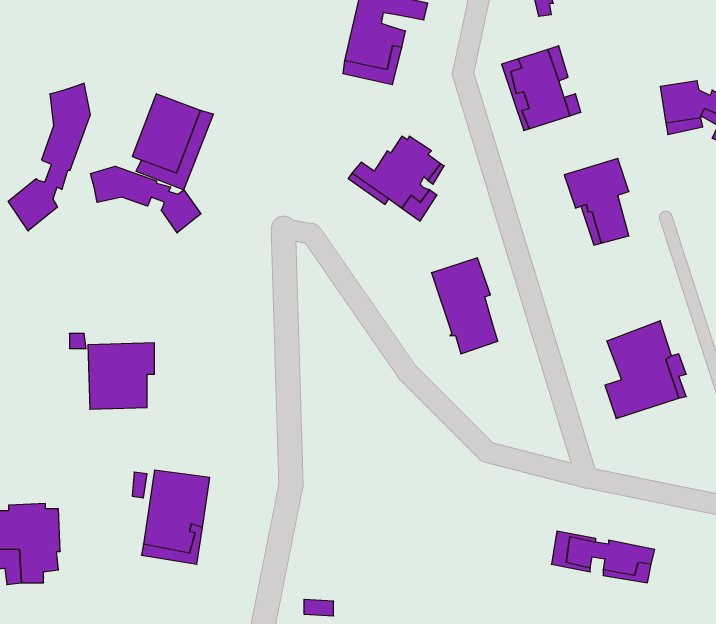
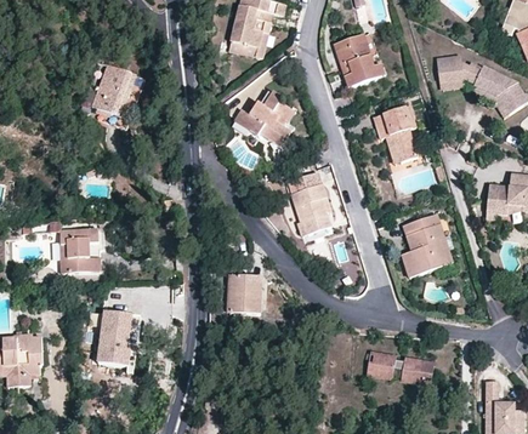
building: [8,83,90,231] -> none
building: [91,166,201,233] -> none
building: none -> [231,275,261,313]

